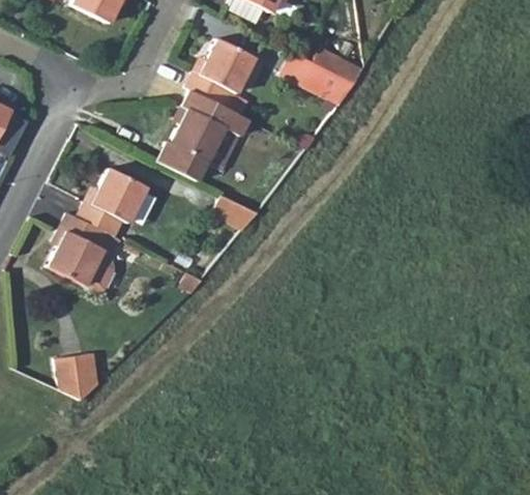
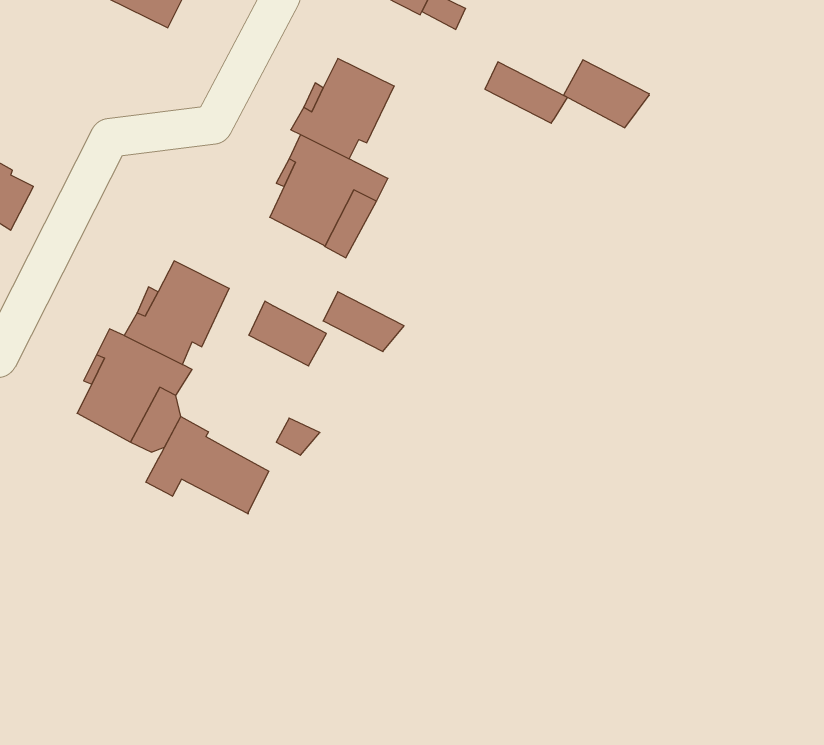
building: [298,59,353,103] -> [563,60,649,128]
building: [157,138,207,179] -> [249,301,326,366]
building: none -> [146,416,269,514]
building: [57,358,99,405] -> none

